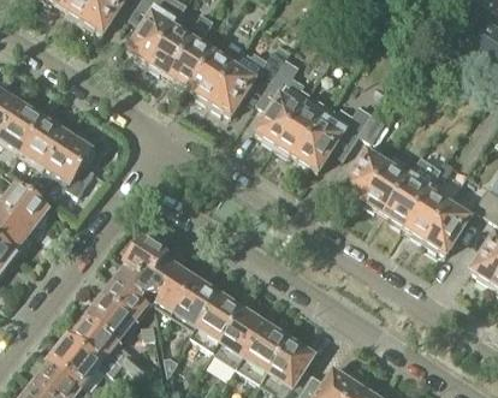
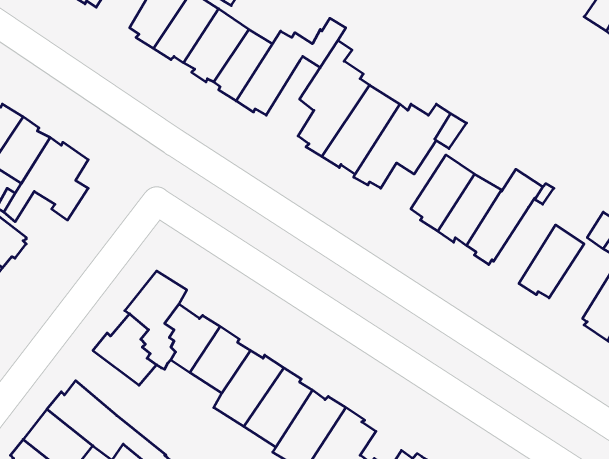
building: [402,184,449,242] -> none
building: [85,292,134,341] -> none

